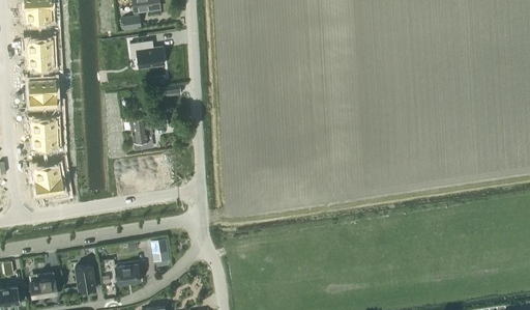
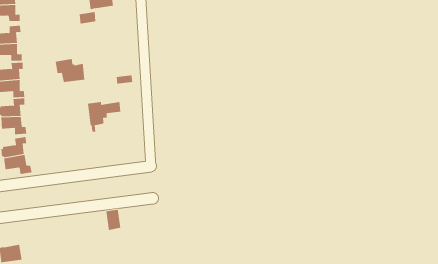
building: [130,40,165,67] -> [55,59,85,83]
building: [76,264,100,291] -> none
building: [116,264,141,285] -> none

